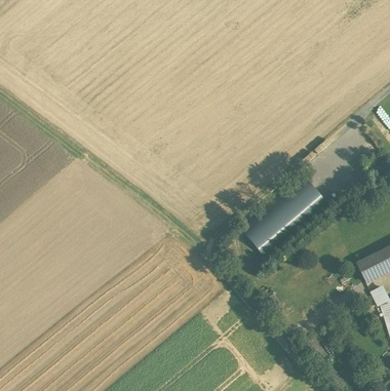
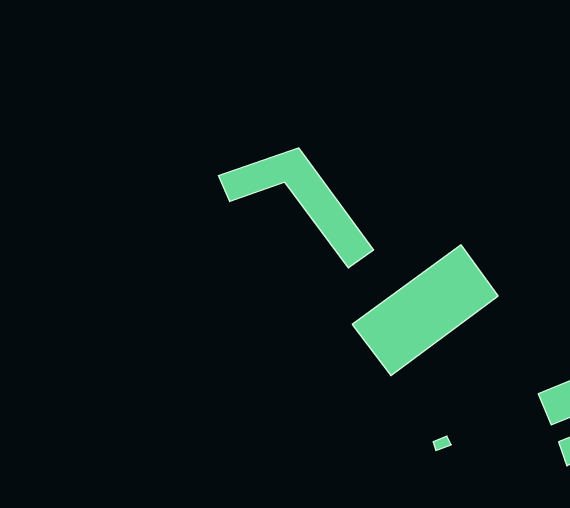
building: none -> [219,148,373,268]

